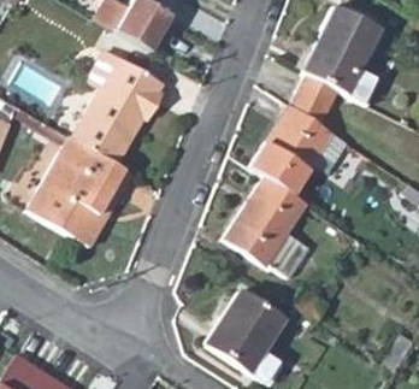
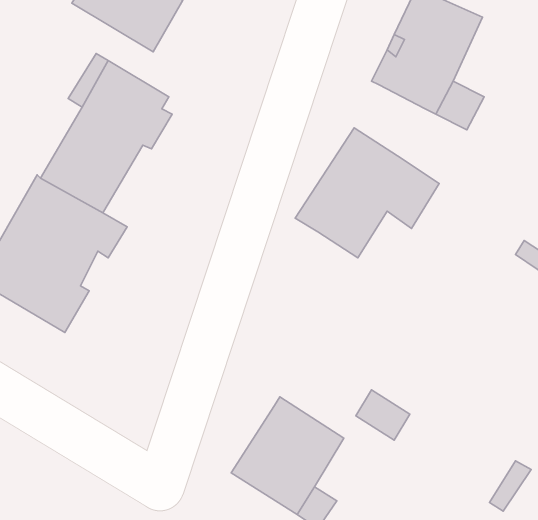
building: [290,73,340,123] -> none
building: [225,176,311,276] -> none

